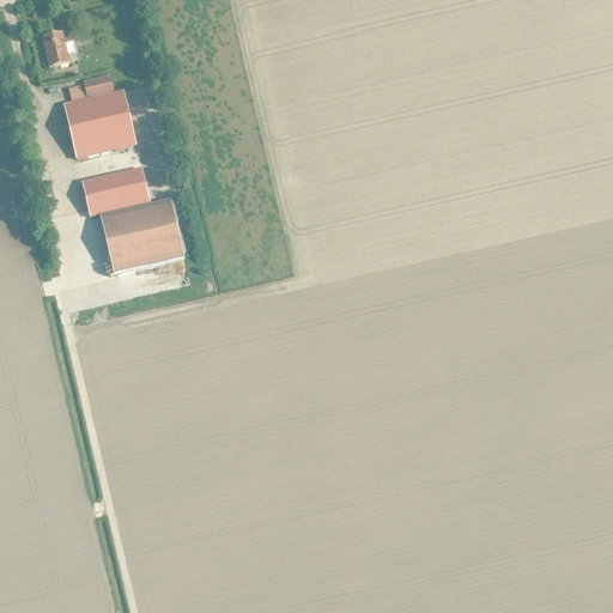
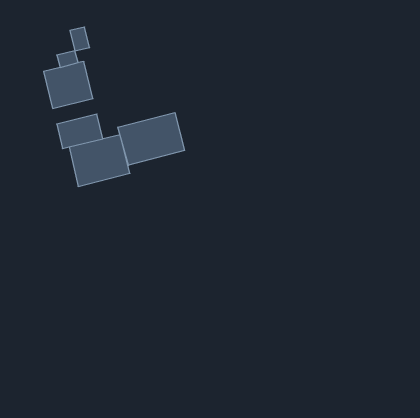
building: [41,31,69,66] -> [70,27,90,51]
building: none -> [118,113,185,165]

